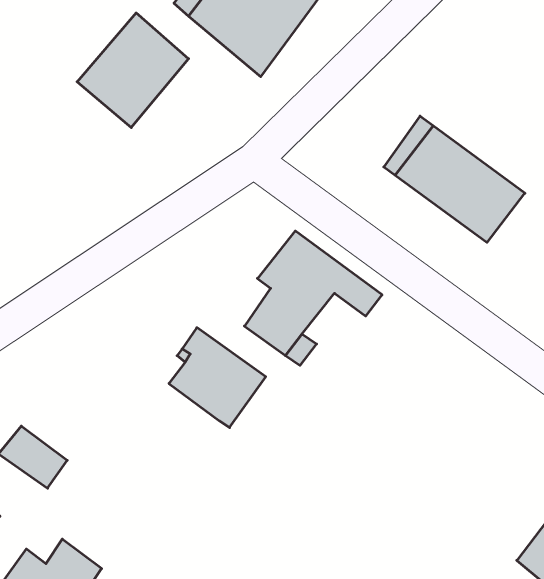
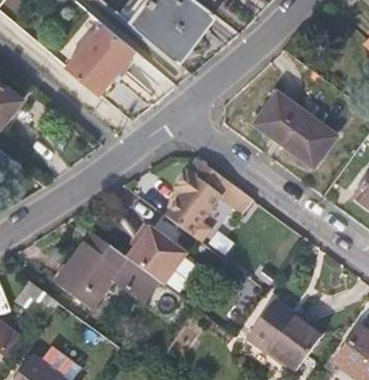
building: none -> [51,230,152,307]
building: none -> [254,297,329,368]

